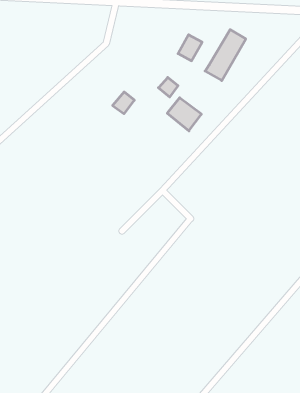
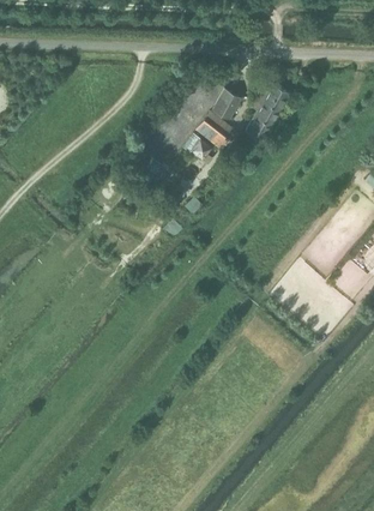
building: [167,98,201,131] -> [194,112,234,150]

